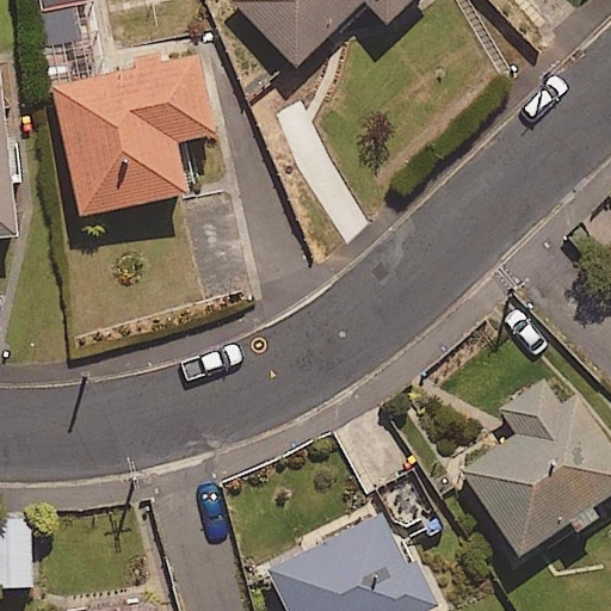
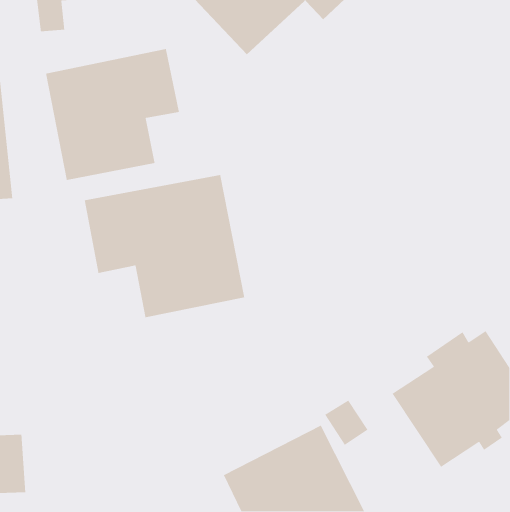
building: none -> [84,174,245,318]

